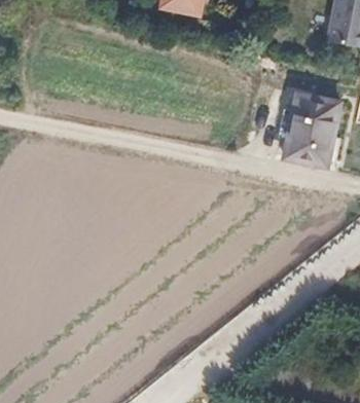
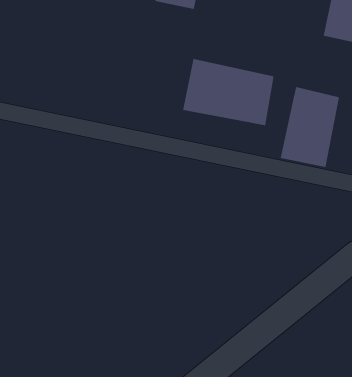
building: none -> [183,58,274,126]

